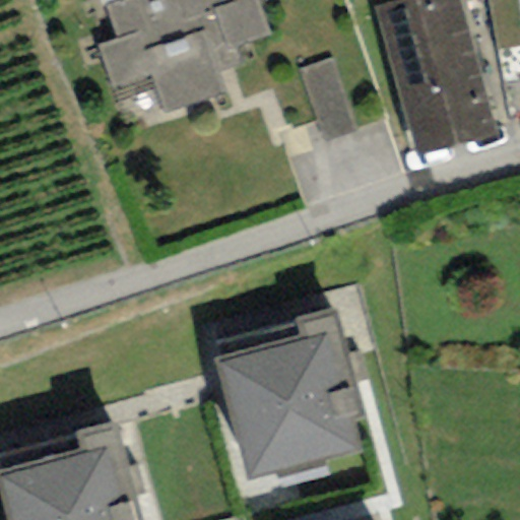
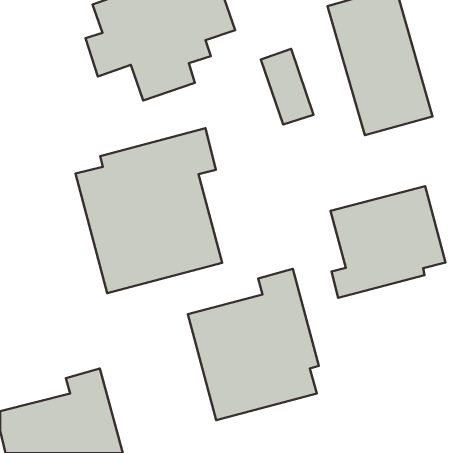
building: none -> [75,128,222,293]
building: none -> [331,186,445,298]

